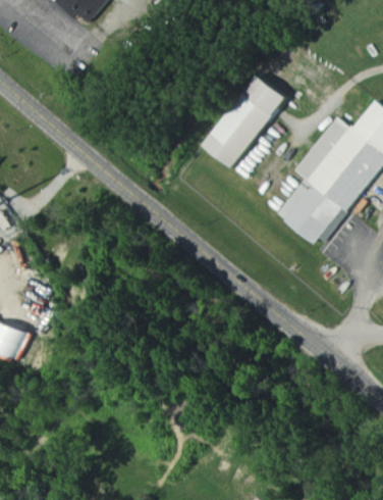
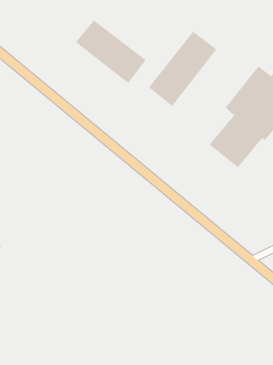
building: none -> [75,19,146,84]

